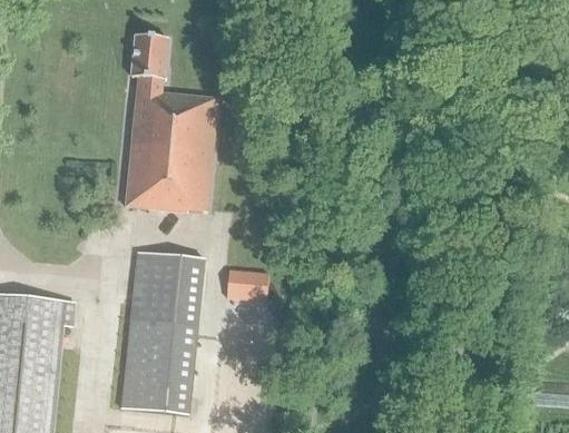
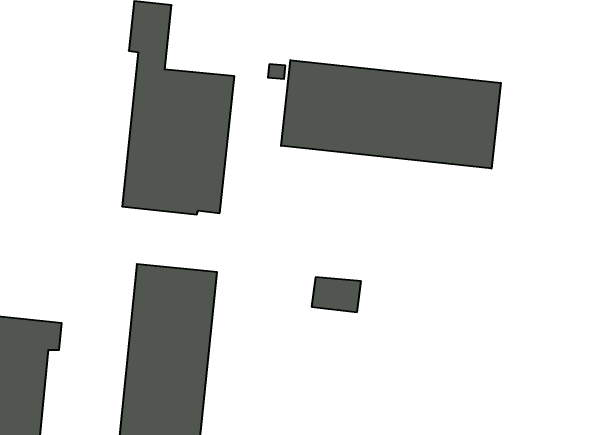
building: none -> [281,60,501,169]
building: [226,269,267,298] -> [312,277,361,312]

